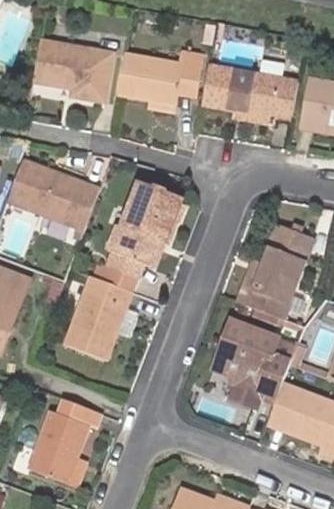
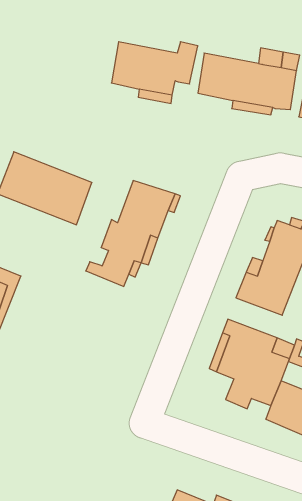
building: [33,41,112,102] -> none
building: [66,275,139,357] -> none
building: [28,399,100,482] -> none

